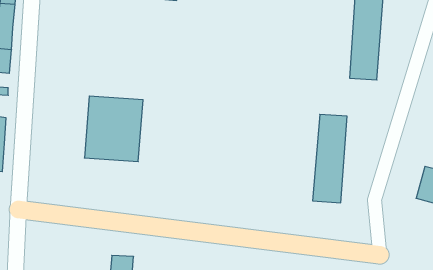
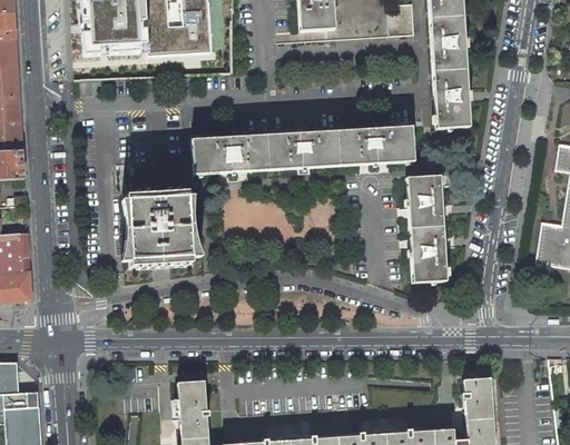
building: none -> [191,125,414,174]

